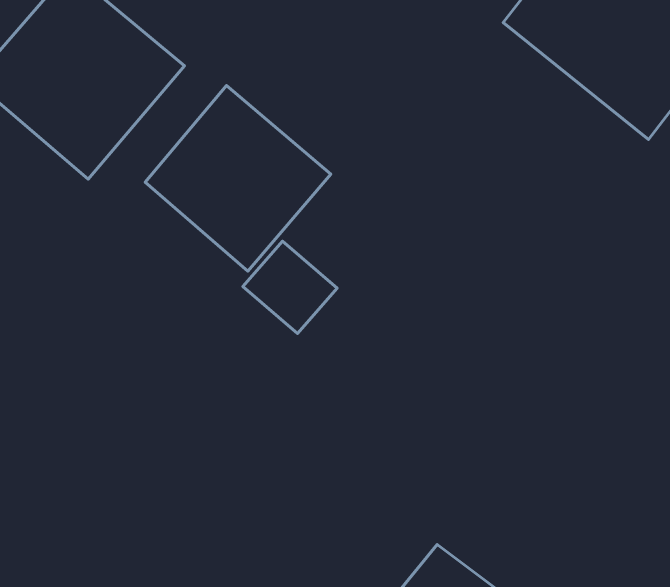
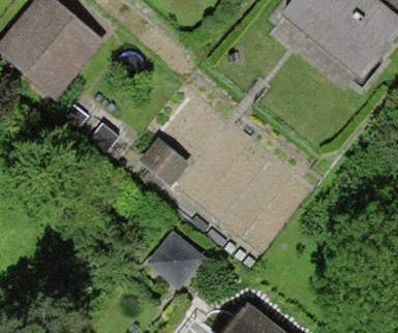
building: [145,85,331,271] -> none

